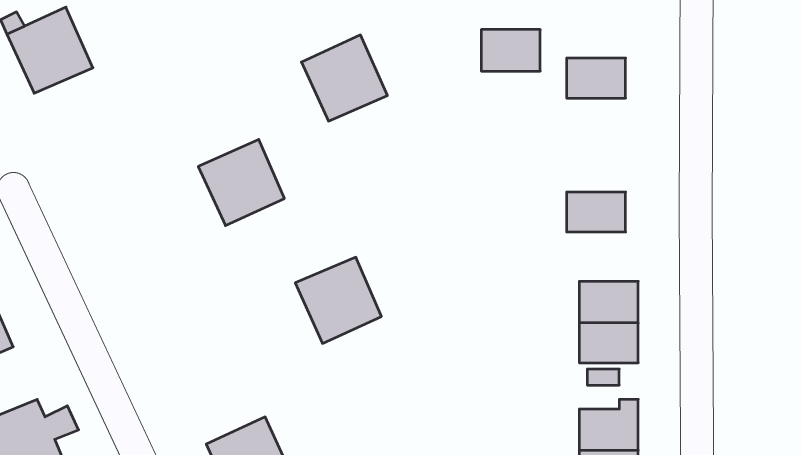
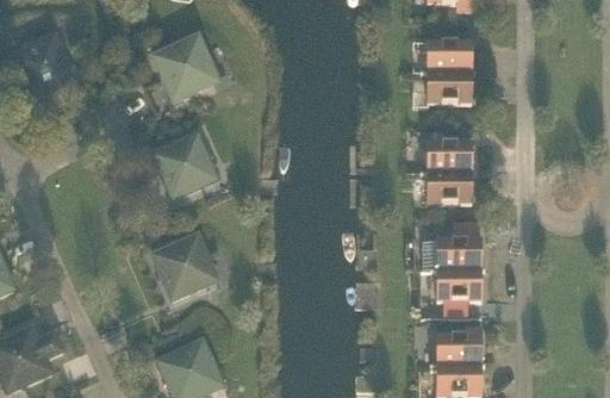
building: [481,30,540,71] -> [427,41,471,71]
building: [301,35,387,121] -> [152,33,217,98]
building: none -> [427,141,471,172]
building: [295,257,381,343] -> [151,234,216,298]

